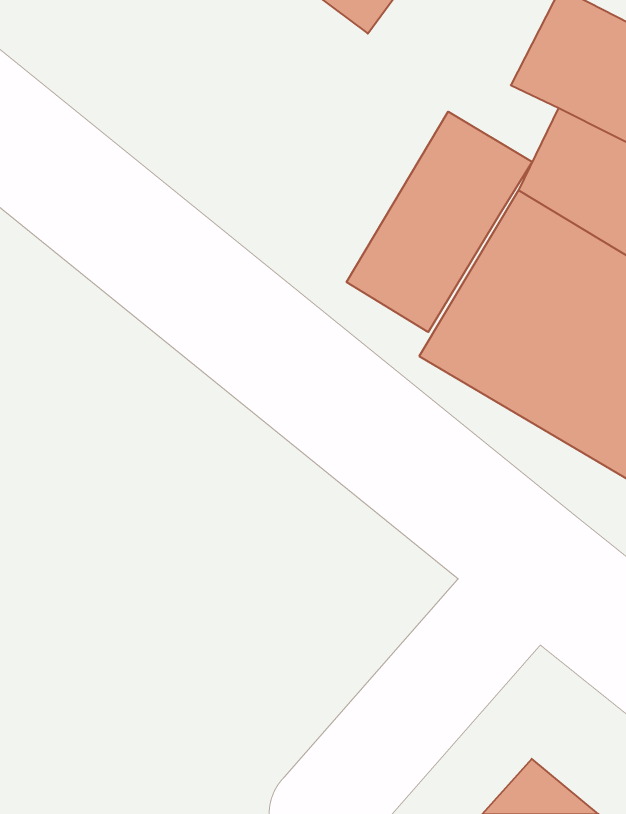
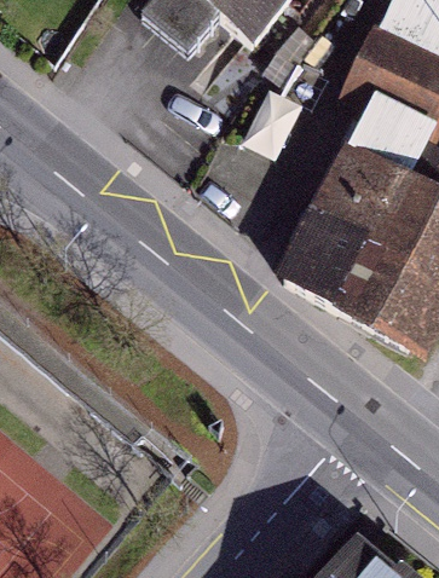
building: [347,112,532,332] -> none

